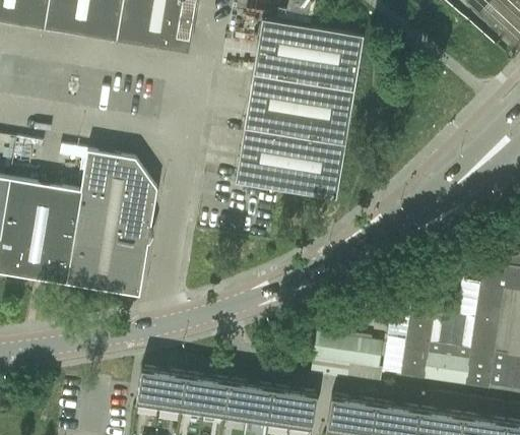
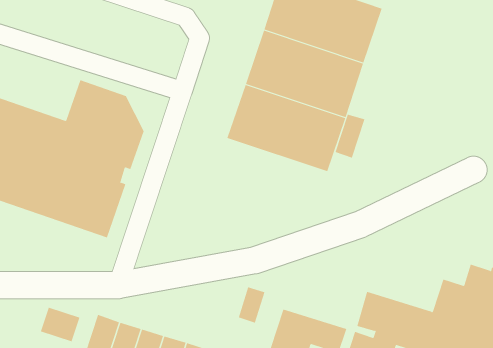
building: none -> [335,114,365,158]
building: none -> [238,286,265,324]
building: none -> [40,307,80,342]

